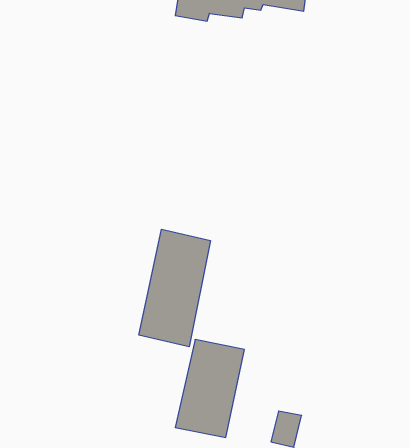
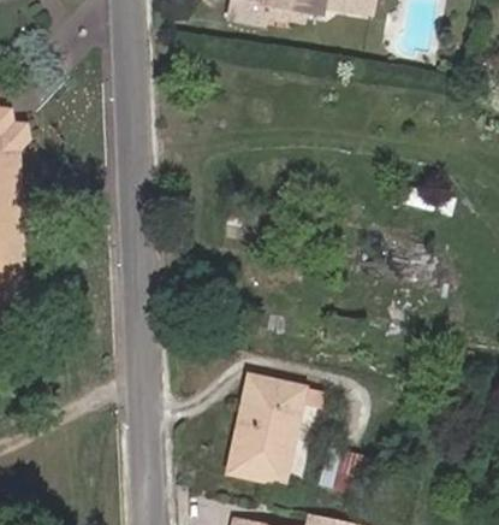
building: [139,229,210,347] -> none

